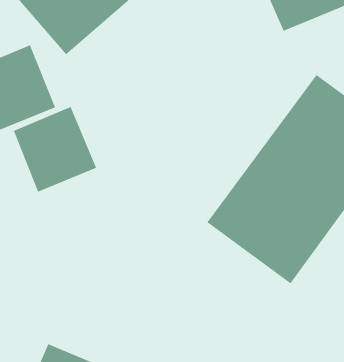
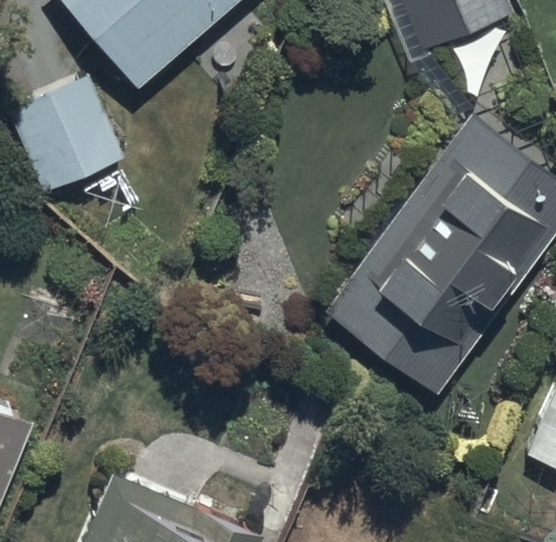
building: [13,106,97,193] -> none

